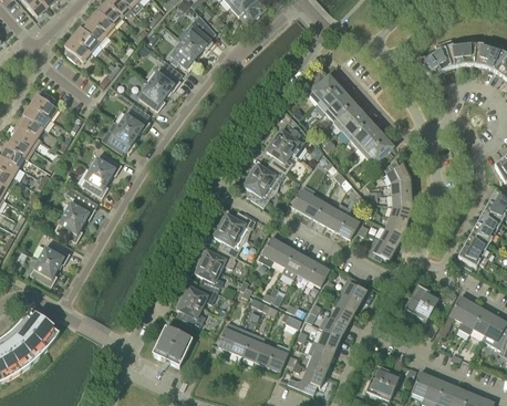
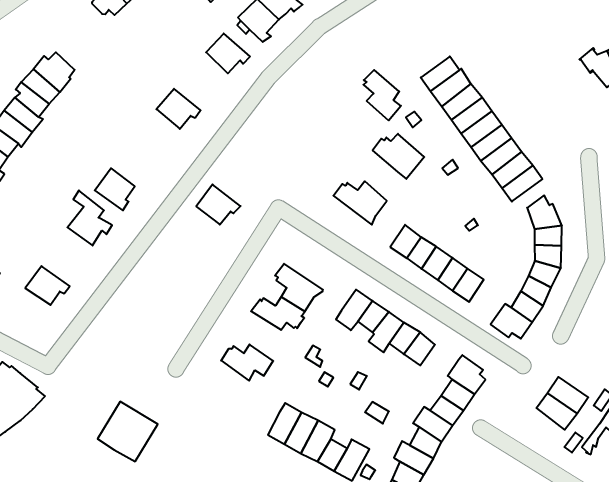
building: [137,81,166,111] -> none
building: [101,121,136,154] -> none
building: [266,138,293,173] -> [363,70,401,120]
building: [91,152,122,179] -> [196,184,241,225]
building: [242,173,277,207] -> none
building: [218,210,255,239] -> none
building: [54,212,83,241] -> none
building: [30,258,58,287] -> none
building: [194,259,224,292] -> none
building: [176,295,205,327] -> none
building: [152,325,193,366] -> [98,402,158,461]

